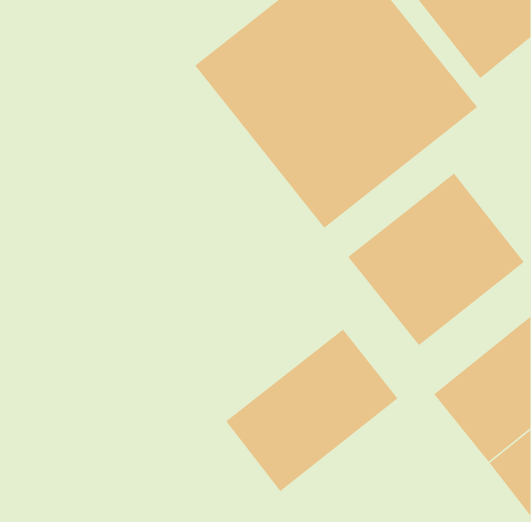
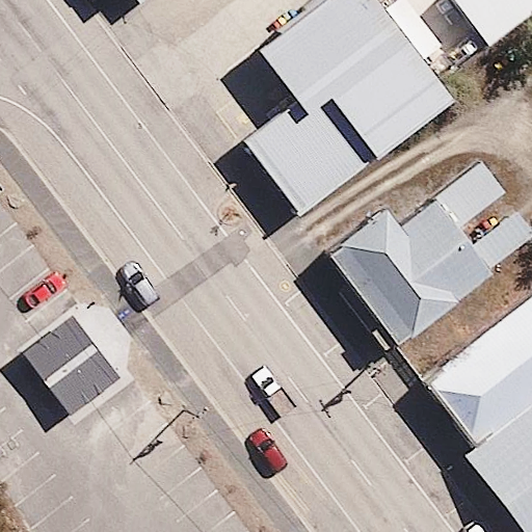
building: none -> [18,300,128,413]
building: [225,328,398,492] -> none

